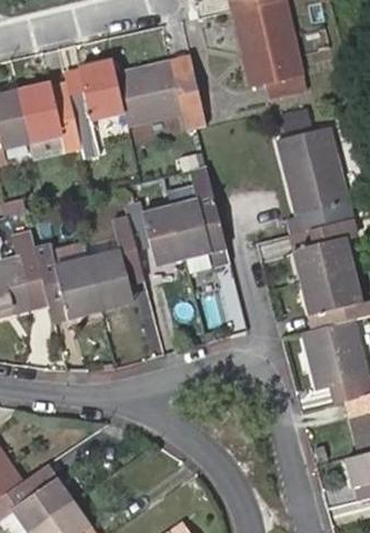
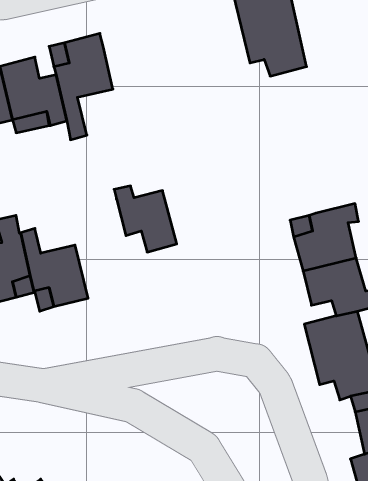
building: [114,59,201,124] -> none
building: [278,125,351,228] -> none
building: [170,168,226,257] -> none
building: [88,214,143,308] -> none

